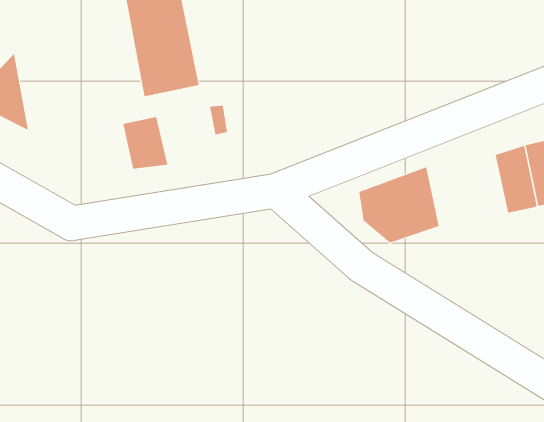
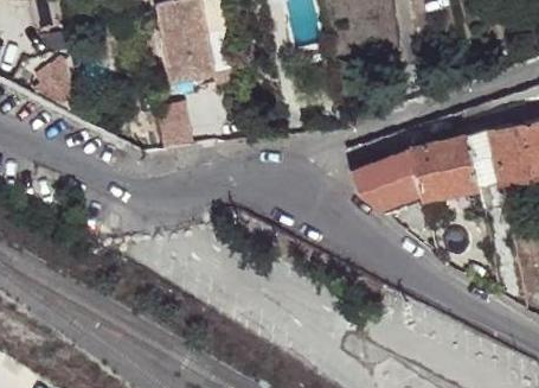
building: none -> [409,138,477,202]

